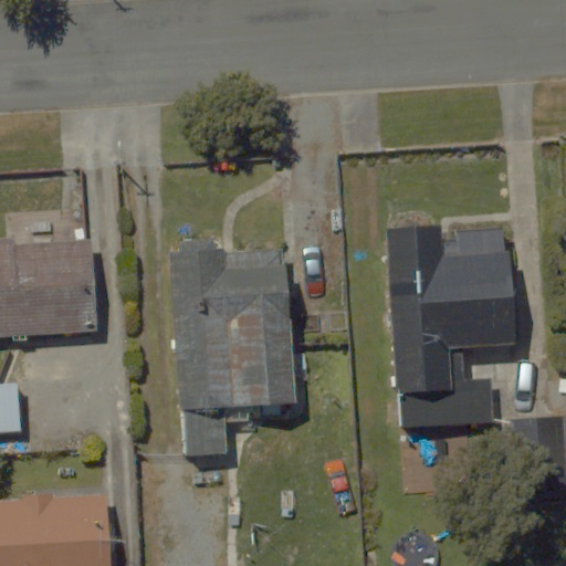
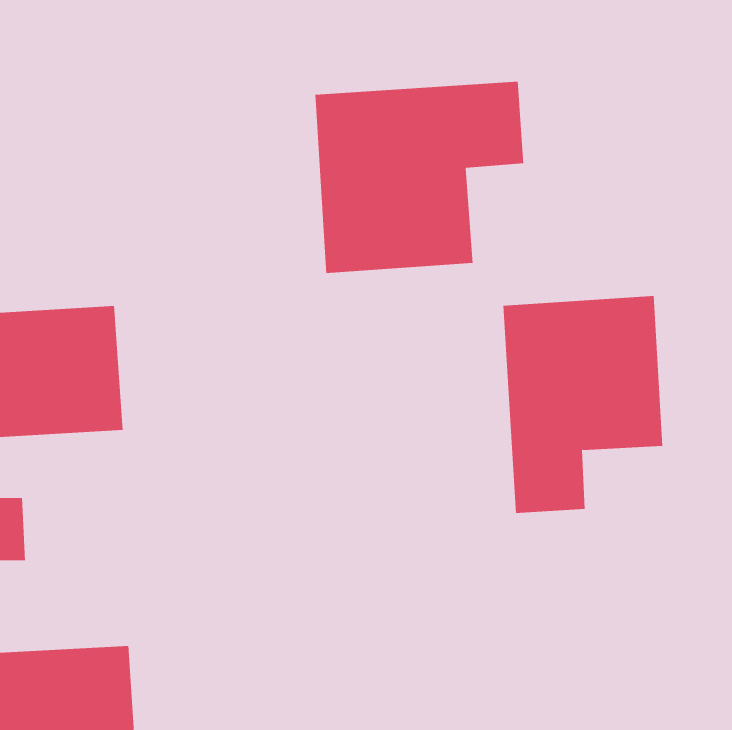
building: none -> [315,81,524,274]
building: [171,242,298,419] -> none

